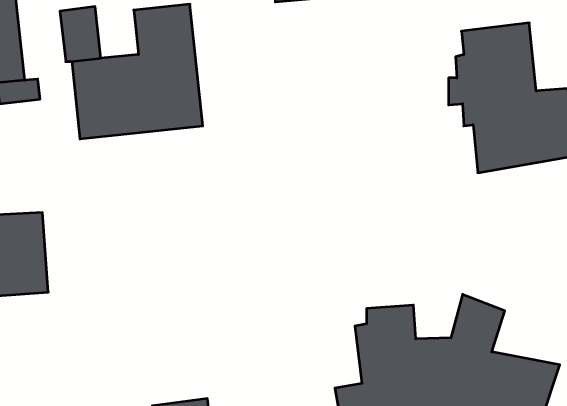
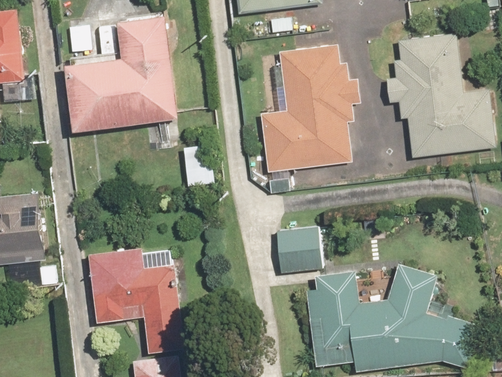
building: none -> [260,43,363,173]
building: none -> [277,228,324,274]
building: none -> [89,250,186,351]

